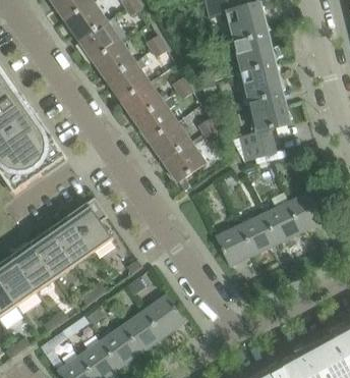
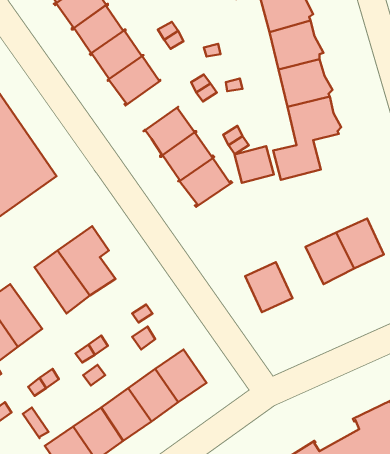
building: [120,82,162,121] -> none
building: none -> [234,146,274,183]
building: [239,213,277,254] -> none
building: [28,229,73,278] -> none

